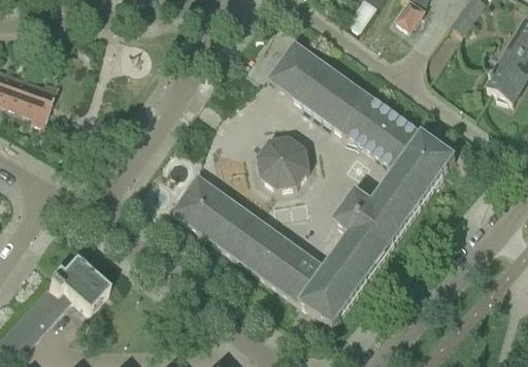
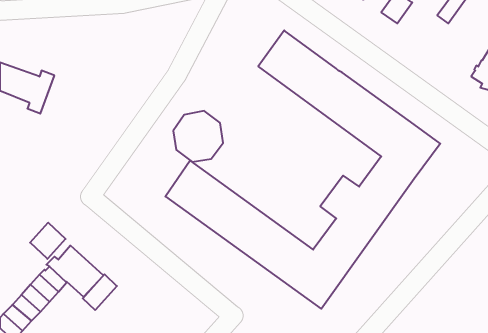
building: [257,136,308,189] -> [173,111,223,162]
building: none -> [30,223,66,259]
building: none -> [83,274,117,310]

